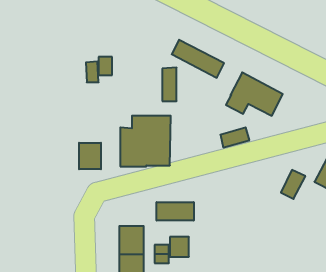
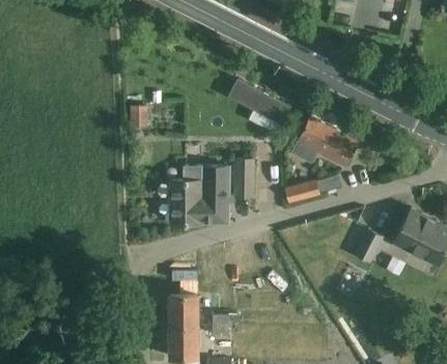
building: [162,68,177,101] -> [235,159,252,197]
building: [79,143,101,169] -> none
building: [157,202,194,221] -> none

